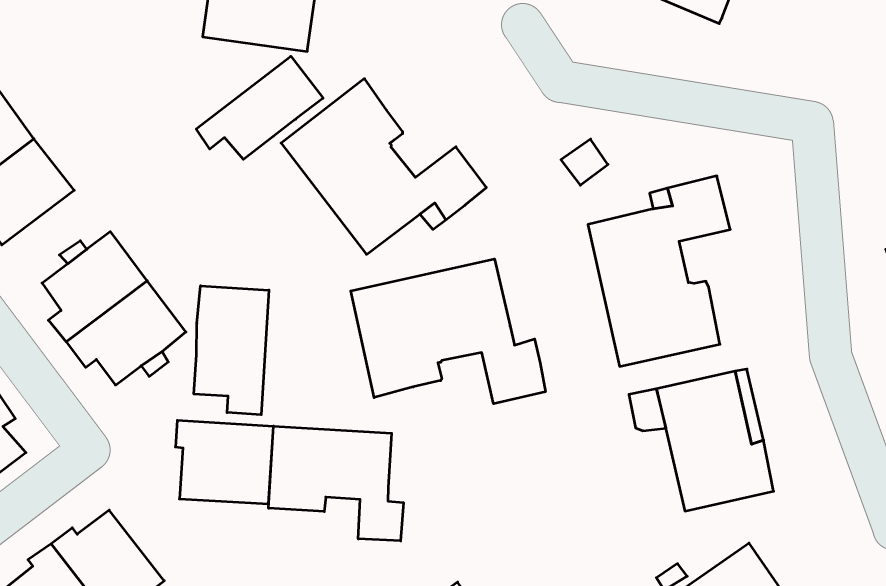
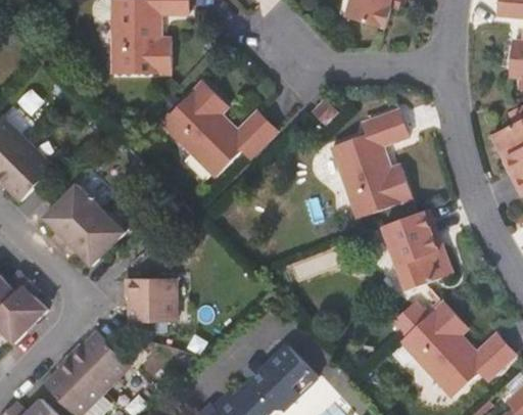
building: [196,56,323,159] -> none
building: [351,259,545,404] -> none
building: [194,286,269,415] -> none
building: [269,426,403,541] -> none

